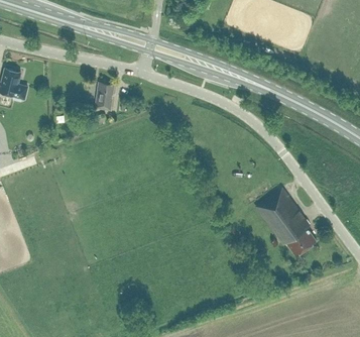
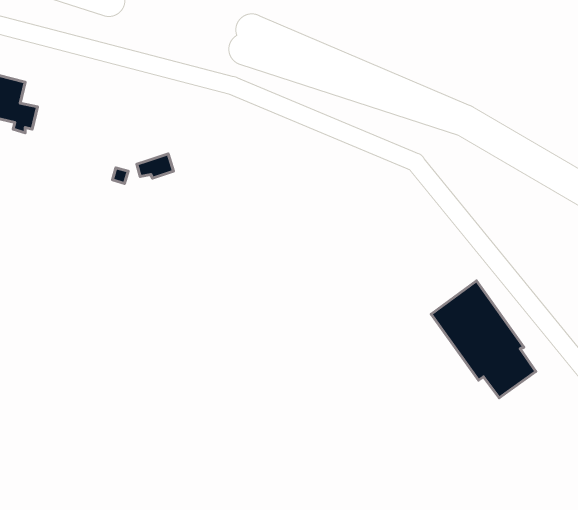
building: [94,83,114,111] -> none

